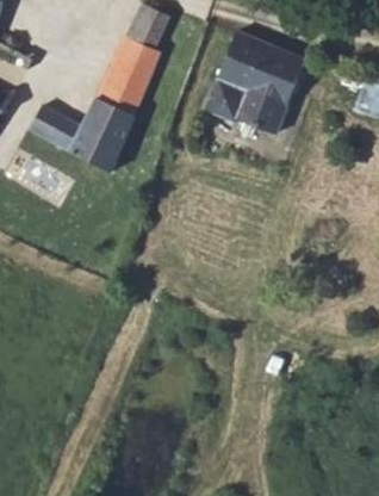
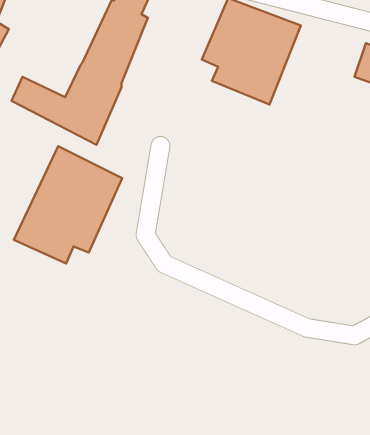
building: none -> [14,146,122,263]

